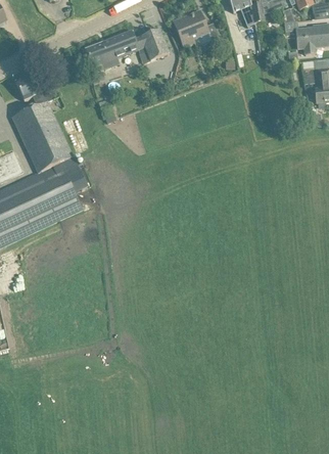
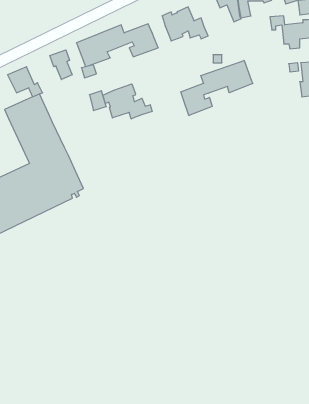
building: none -> [50,50,72,80]
building: none -> [181,60,253,116]
building: none -> [103,84,152,119]

